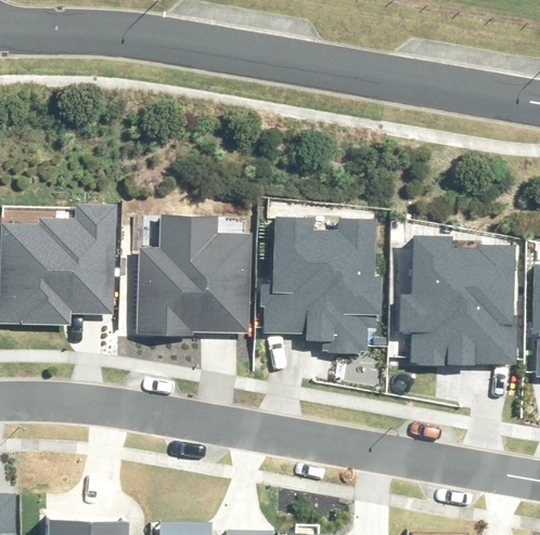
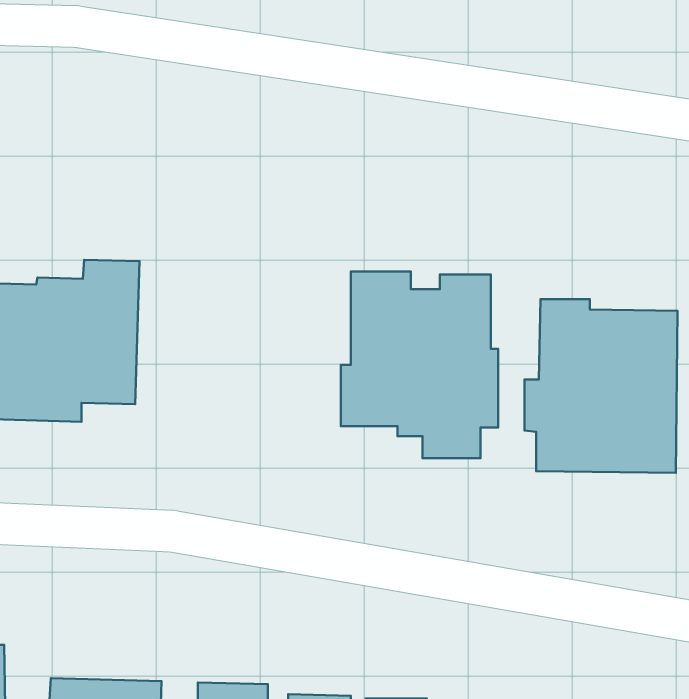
building: [137,214,250,338] -> none

